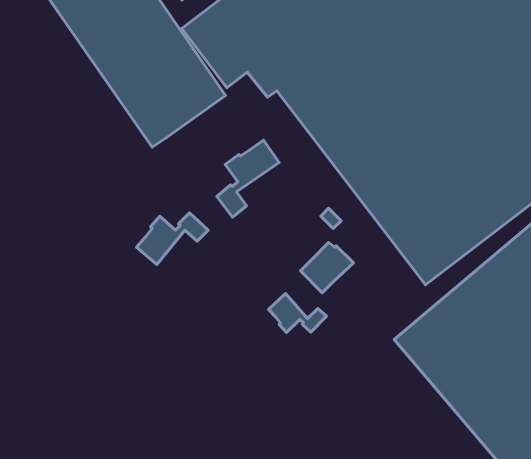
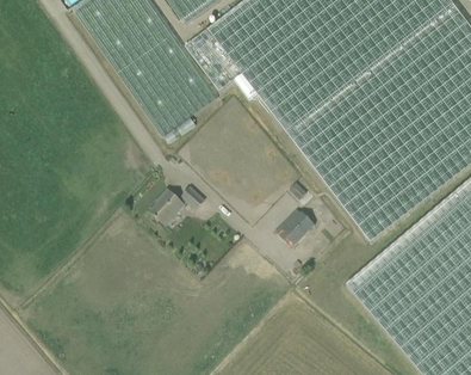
building: [217,140,279,217] -> none
building: [268,293,326,332] -> none

